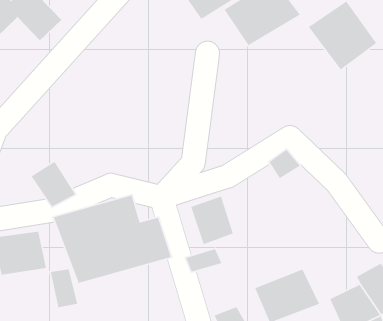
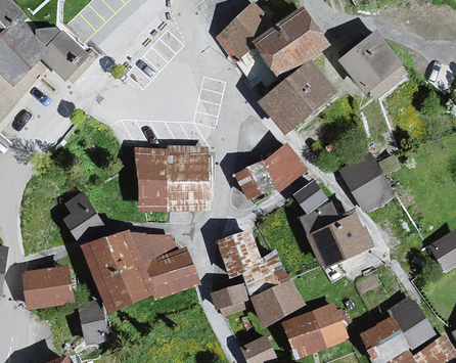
building: none -> [257,62,334,134]
building: none -> [230,143,306,201]
building: none -> [137,145,210,210]
building: none -> [337,145,392,206]
building: none -> [307,210,371,267]
building: none -> [254,274,307,326]

